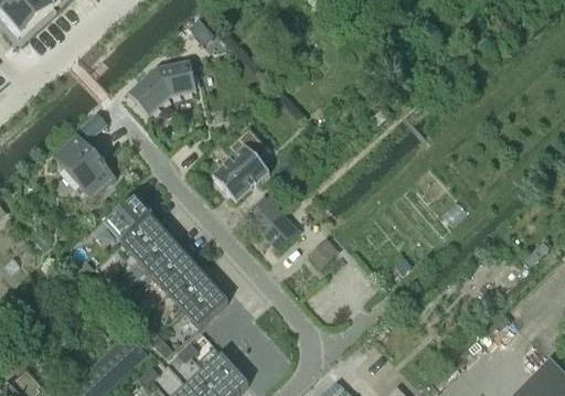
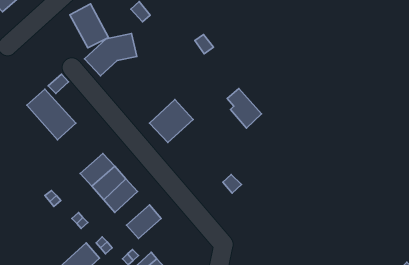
building: none -> [70,4,108,48]
building: [252,197,297,249] -> [227,89,262,128]
building: [106,199,151,243] -> none
building: [167,266,212,310] -> none

